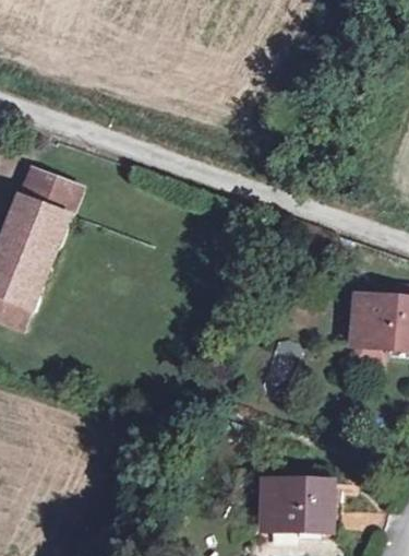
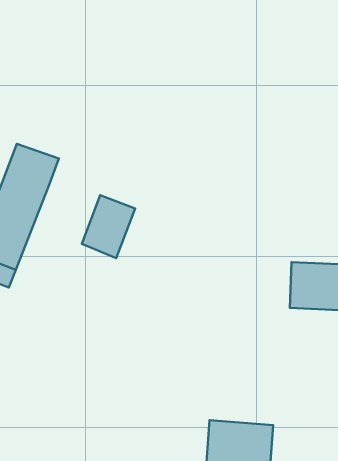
building: none -> [82,195,135,258]

